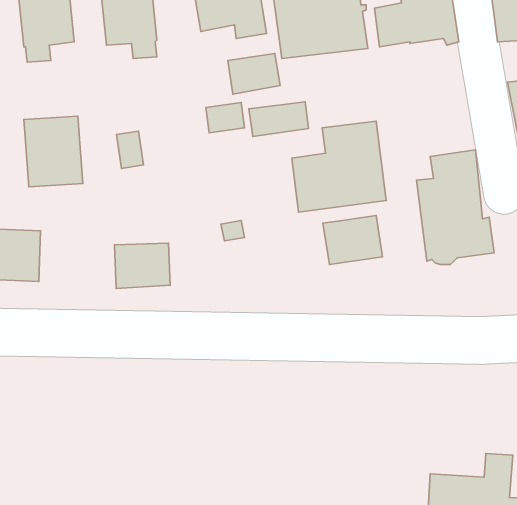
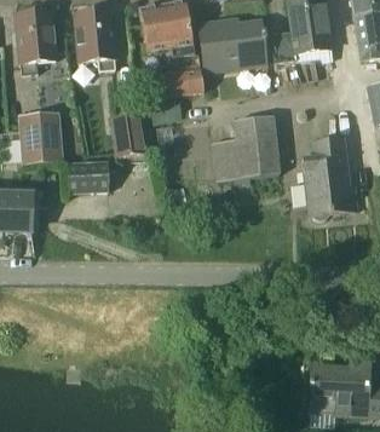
building: [249,102,308,137] -> none
building: none -> [111,113,145,155]
building: [323,216,383,265] -> none
building: [115,243,170,289] -> [69,160,109,192]

